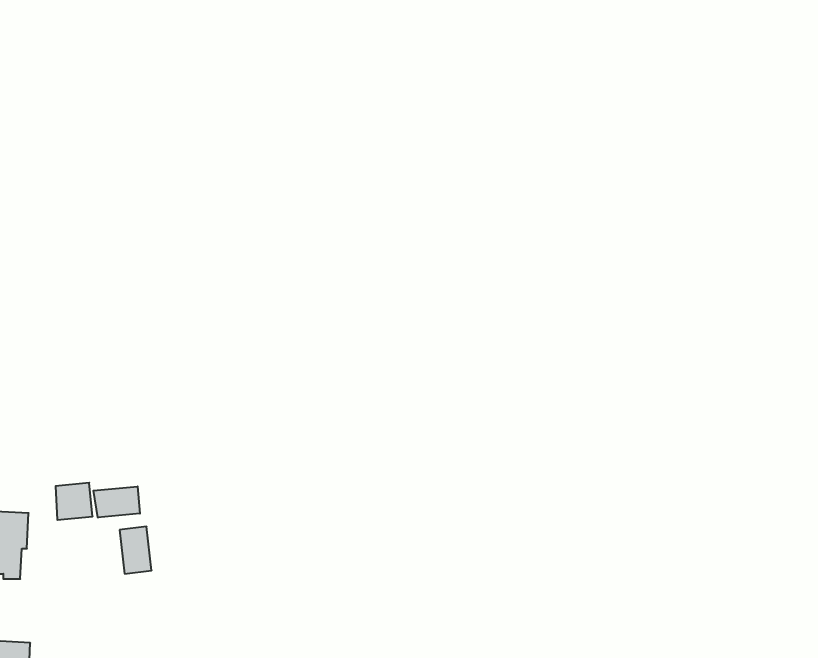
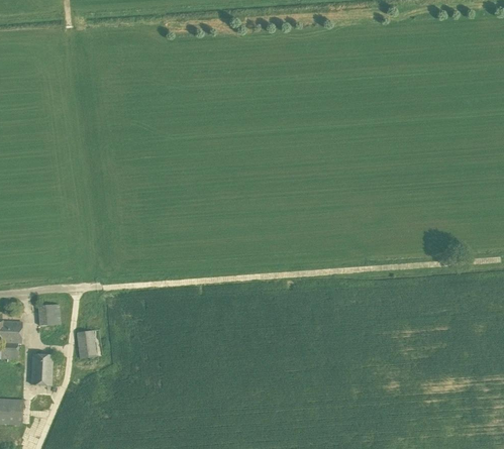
building: [93,486,140,518] -> none
building: none -> [31,354,53,384]

